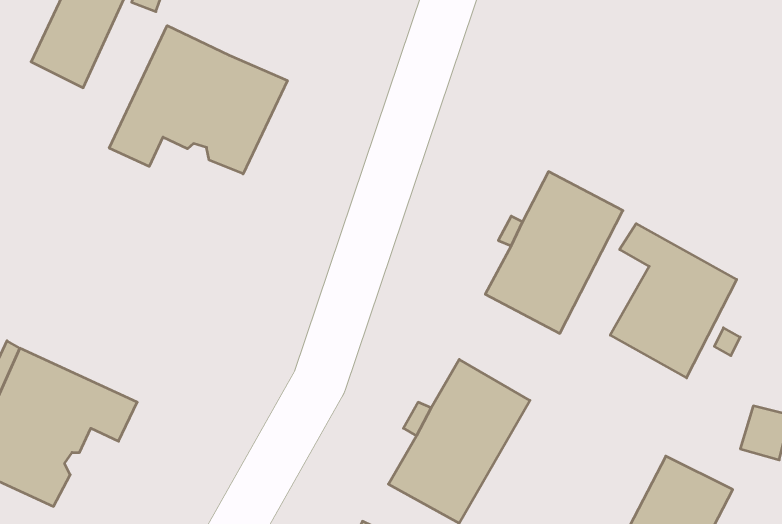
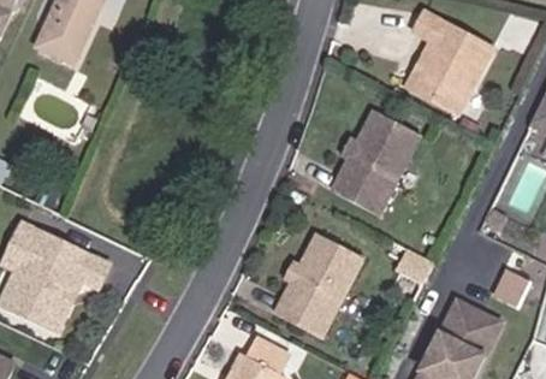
building: [109,26,287,174] -> none
building: [610,224,737,378] -> [411,11,493,111]

